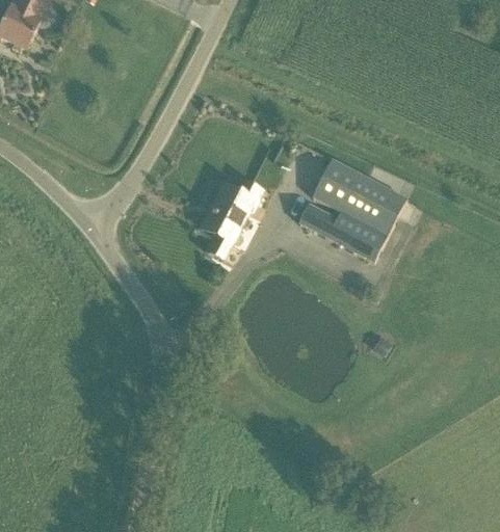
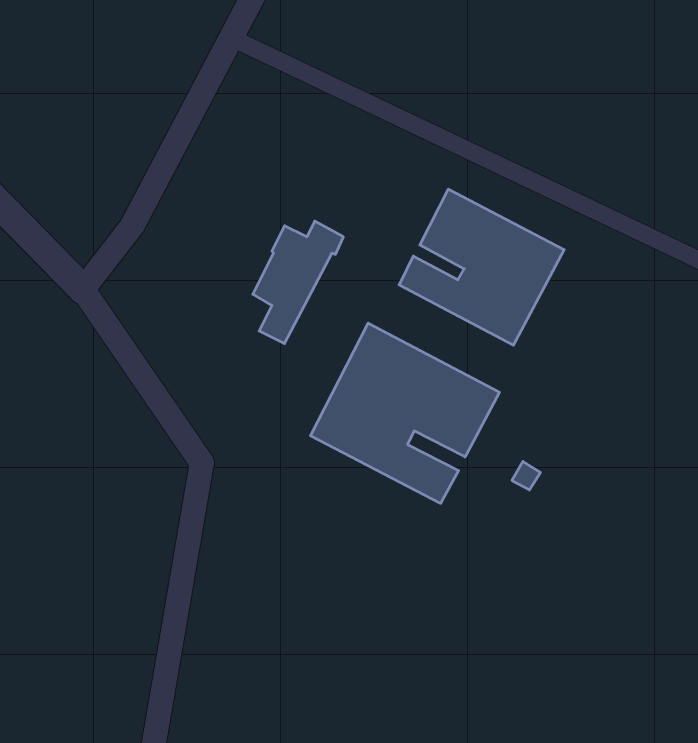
building: none -> [310,323,499,503]

